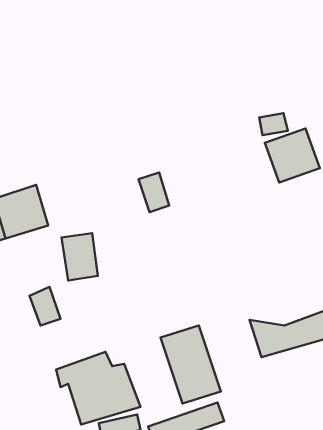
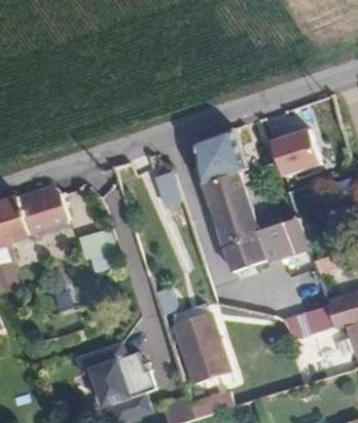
building: none -> [193,131,306,275]

